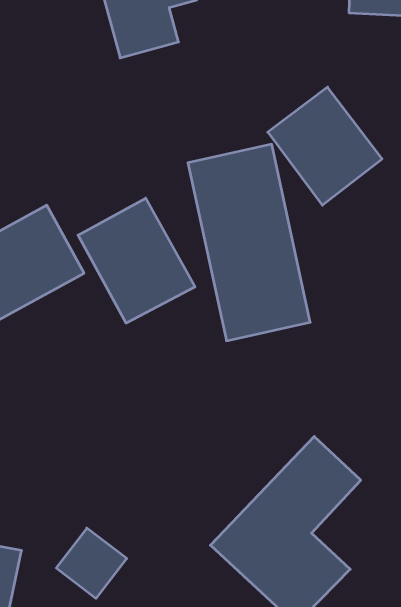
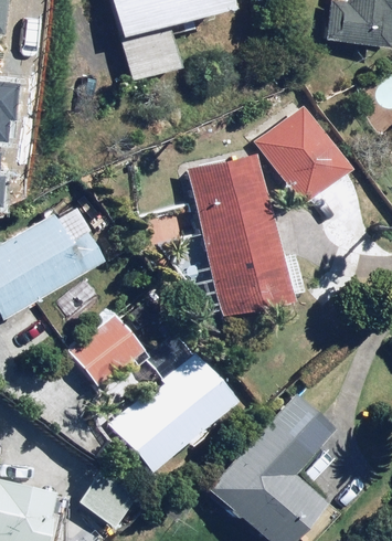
building: [78,198,195,323] -> none
building: none -> [66,312,237,475]

